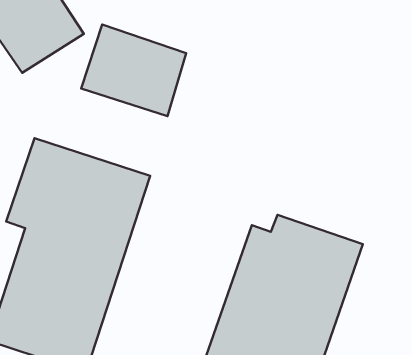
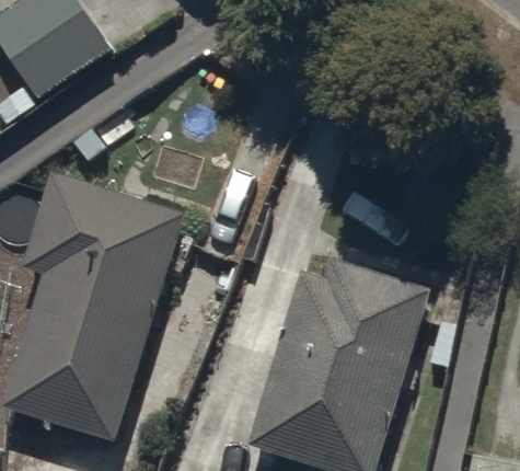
building: [81,24,186,116] -> none

